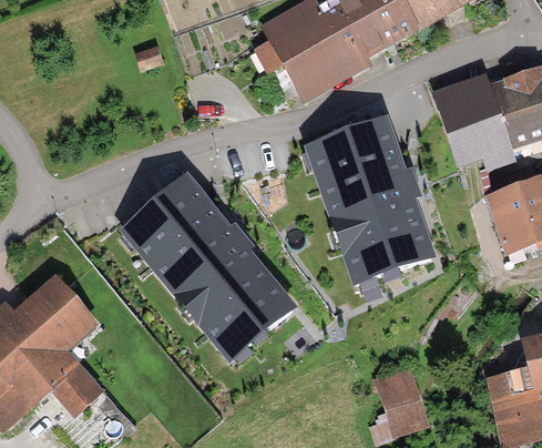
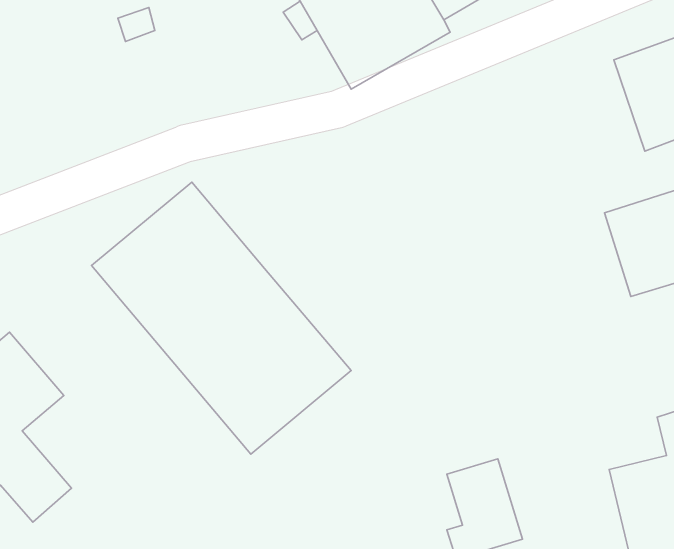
building: [437,74,521,181] -> none
building: [306,116,437,282] -> none

